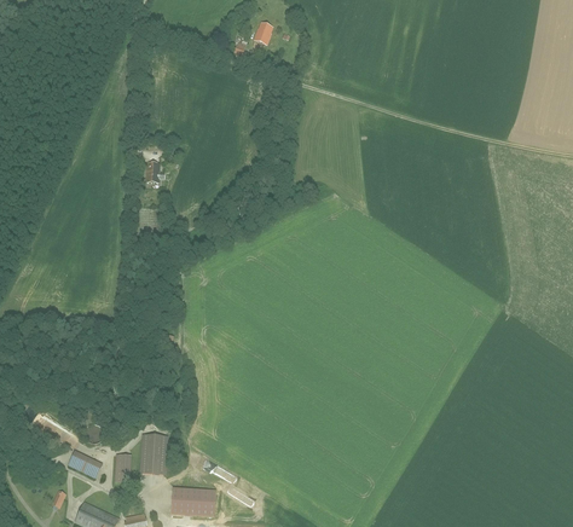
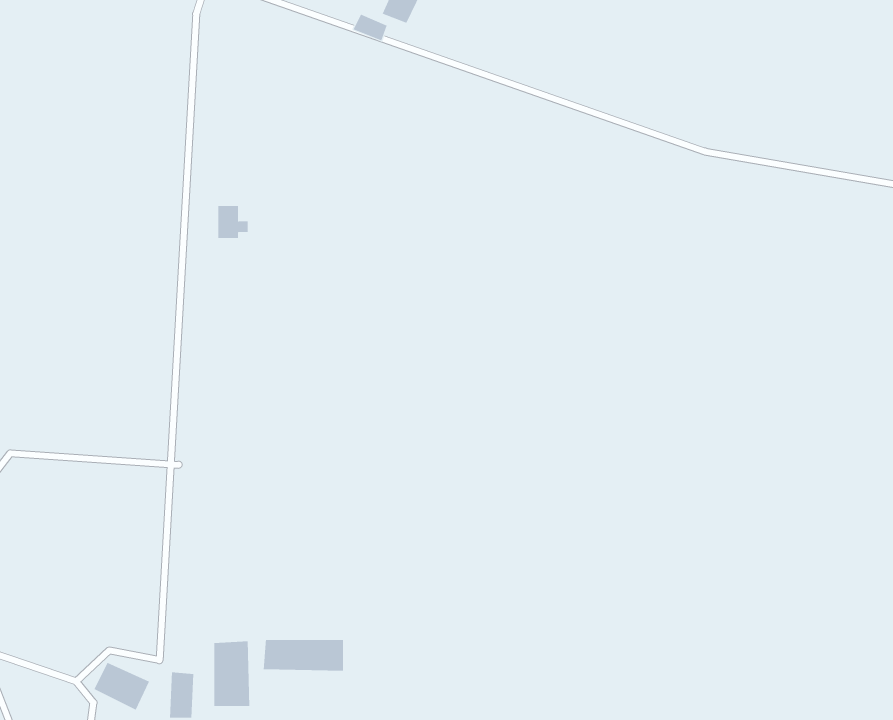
building: none -> [263,639,344,671]

